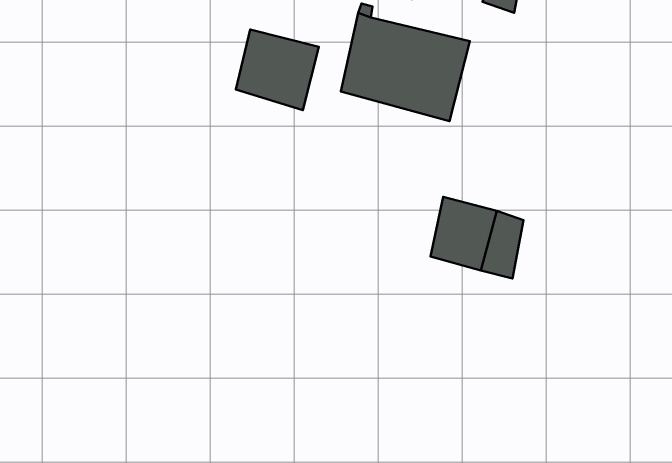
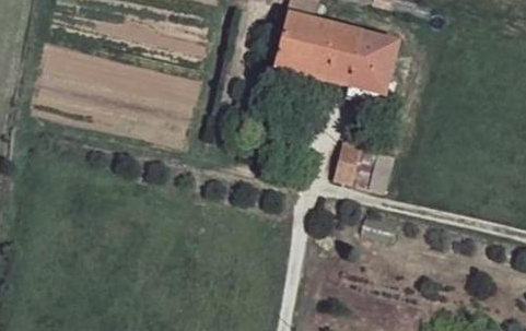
building: [236,29,319,110] -> none
building: none -> [350,31,395,91]

